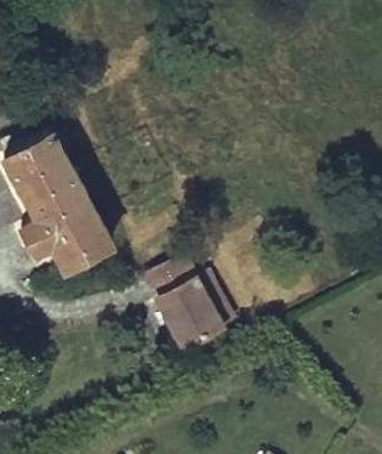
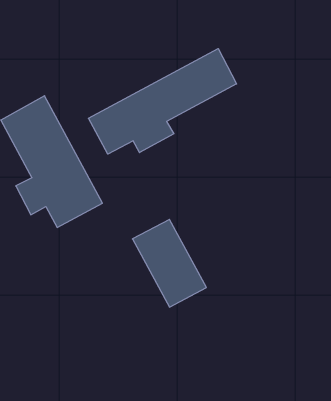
building: none -> [88,49,237,154]

